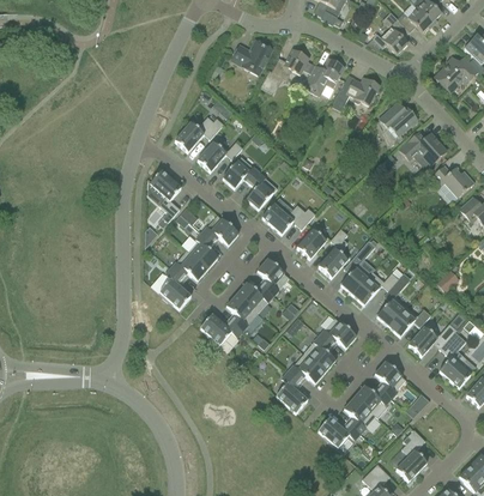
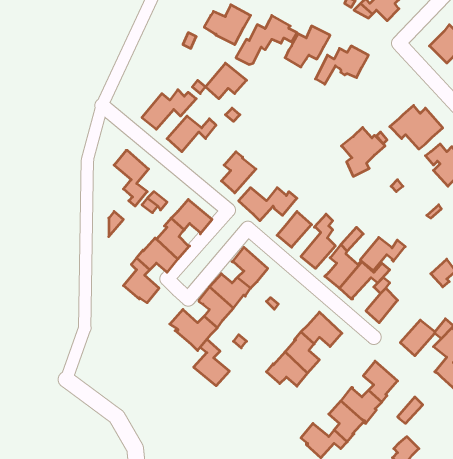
building: [379,101,418,145] -> [341,127,385,176]
building: [223,156,260,188] -> [206,63,247,99]
building: [389,306,430,335] -> [360,237,405,270]
building: [276,370,308,412] -> [194,339,229,386]

